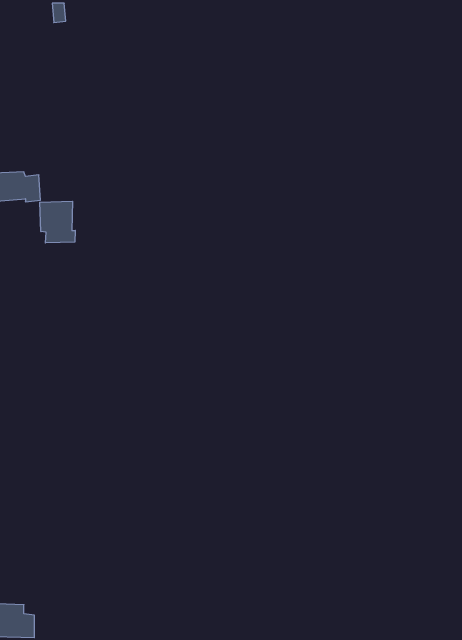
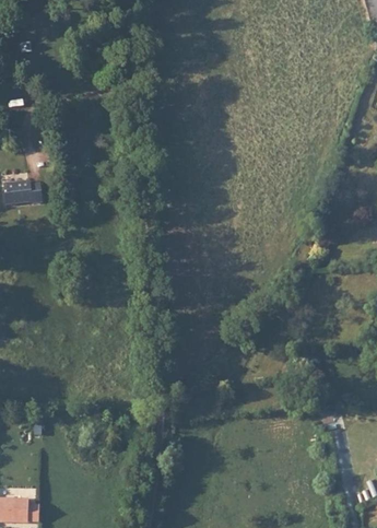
building: [40,201,75,243] -> none

